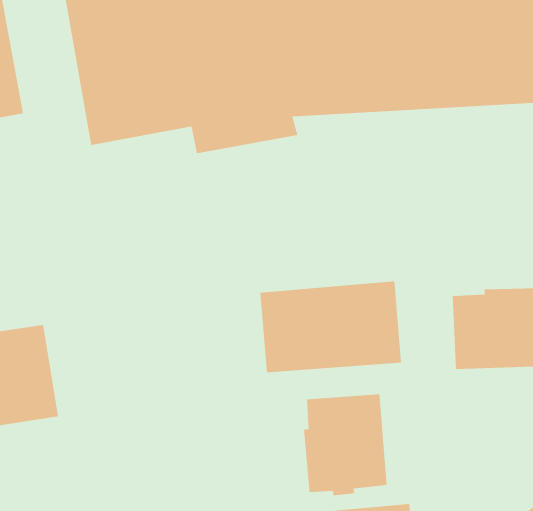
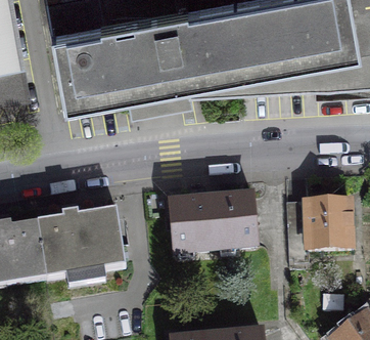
building: none -> [38,205,126,274]
building: [303,394,387,496] -> none

